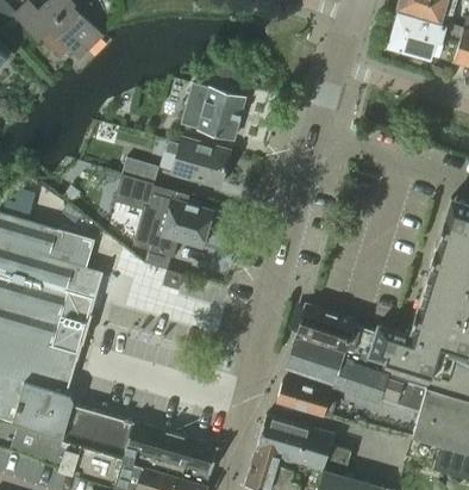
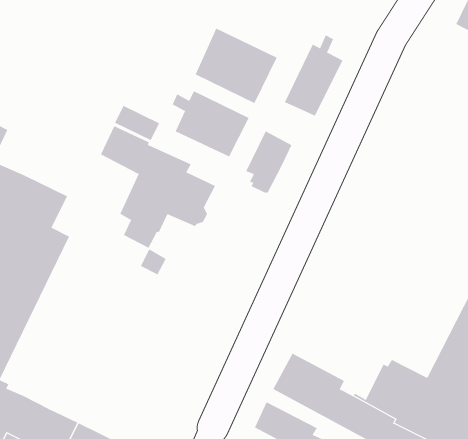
building: none -> [284,34,343,117]
building: none -> [246,131,292,194]
building: [296,304,371,361] -> none

